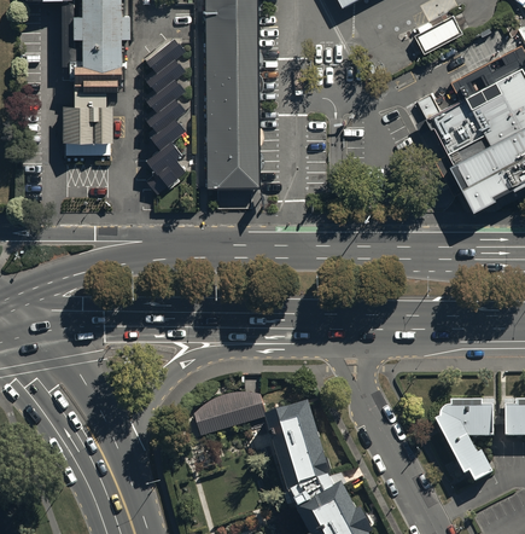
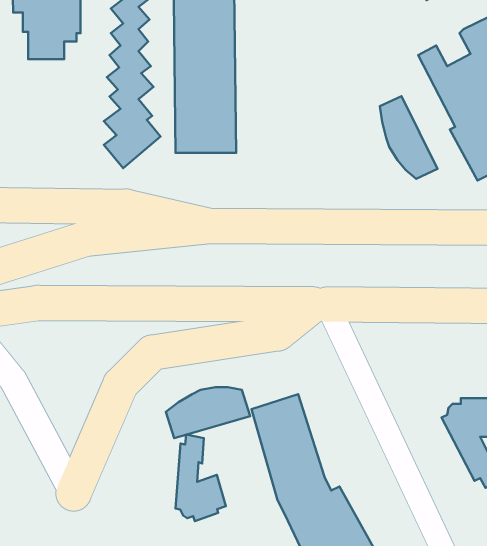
building: [63,105,113,156] -> none
building: none -> [380,96,438,179]
building: none -> [175,435,226,521]

